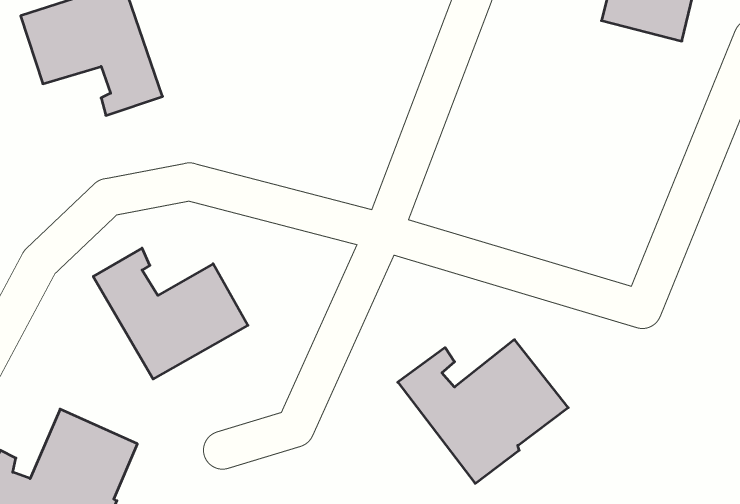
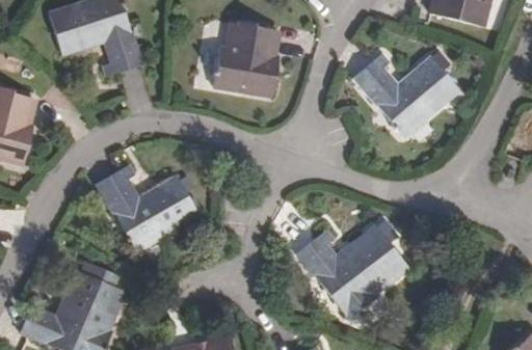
building: none -> [213,20,275,98]
building: none -> [353,53,459,138]

